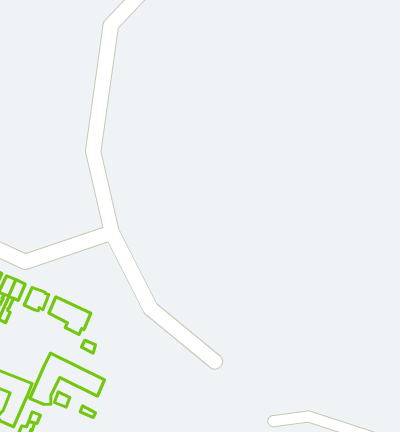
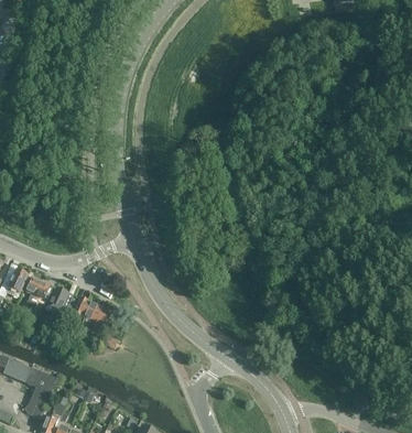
building: [30,353,105,405] -> none

